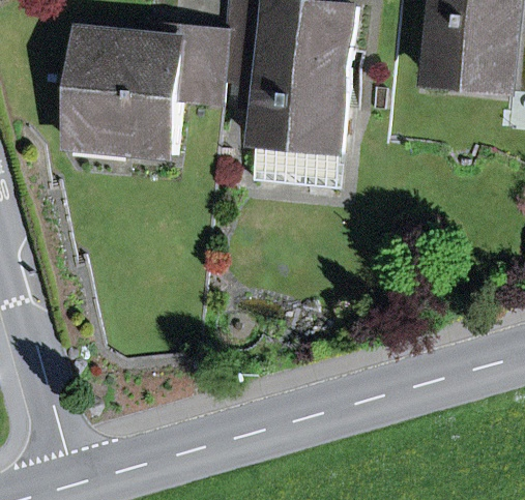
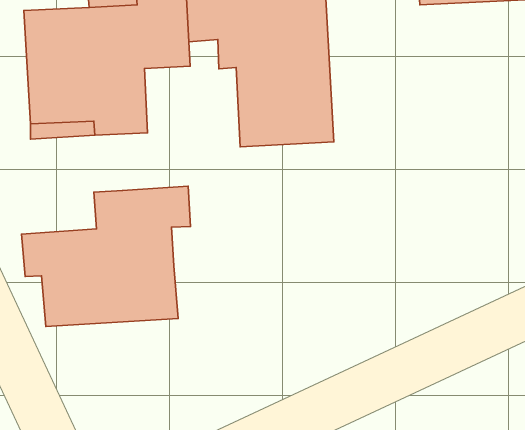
building: none -> [21,186,190,327]

